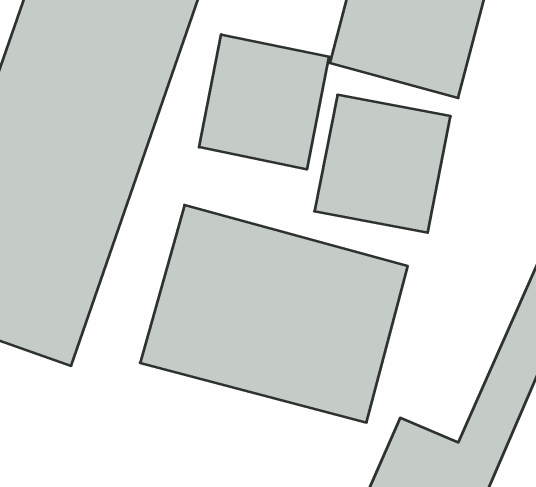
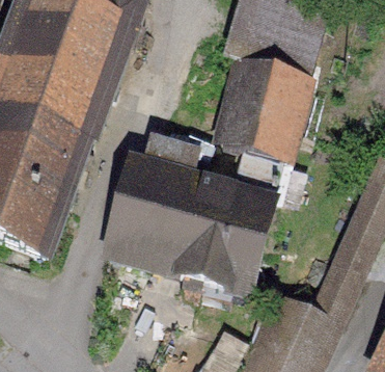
building: [199,34,329,169] -> none

